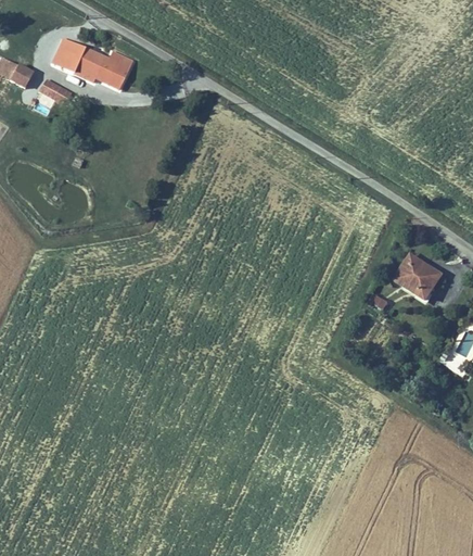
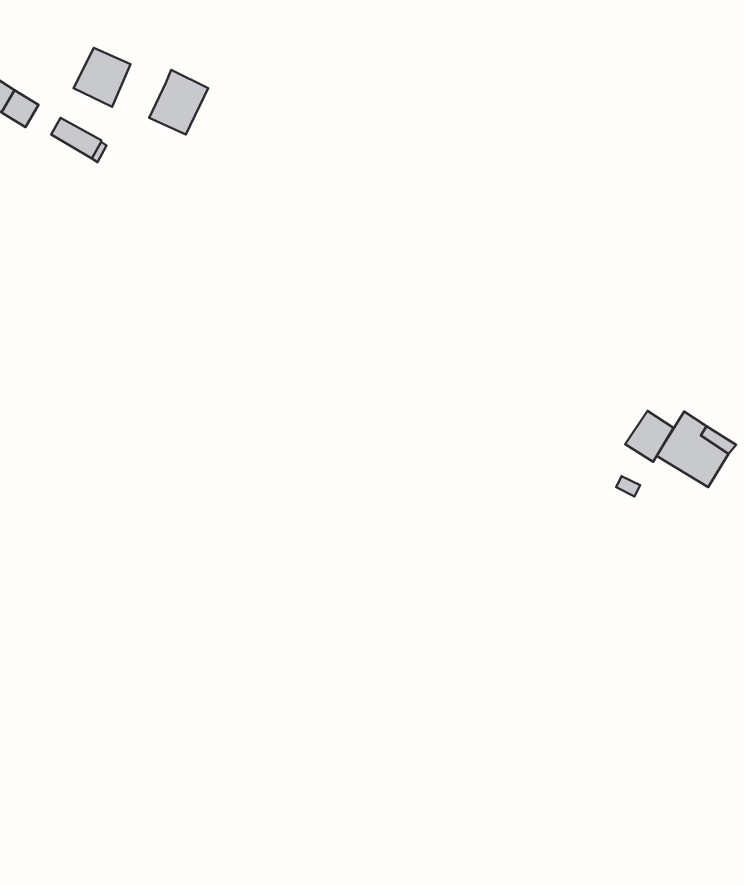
building: [74,49,105,84] -> none
building: none -> [625,411,673,462]

